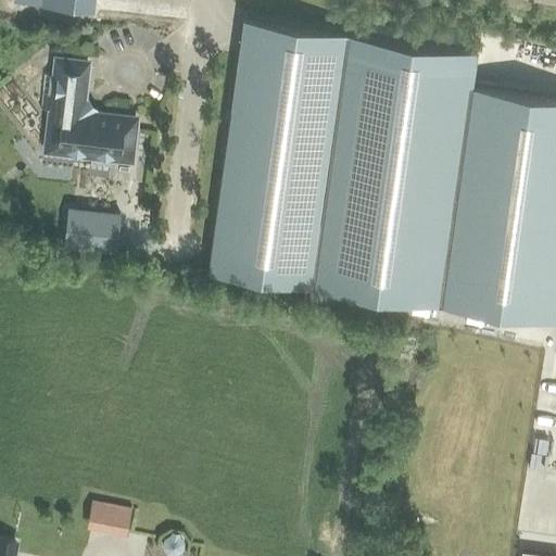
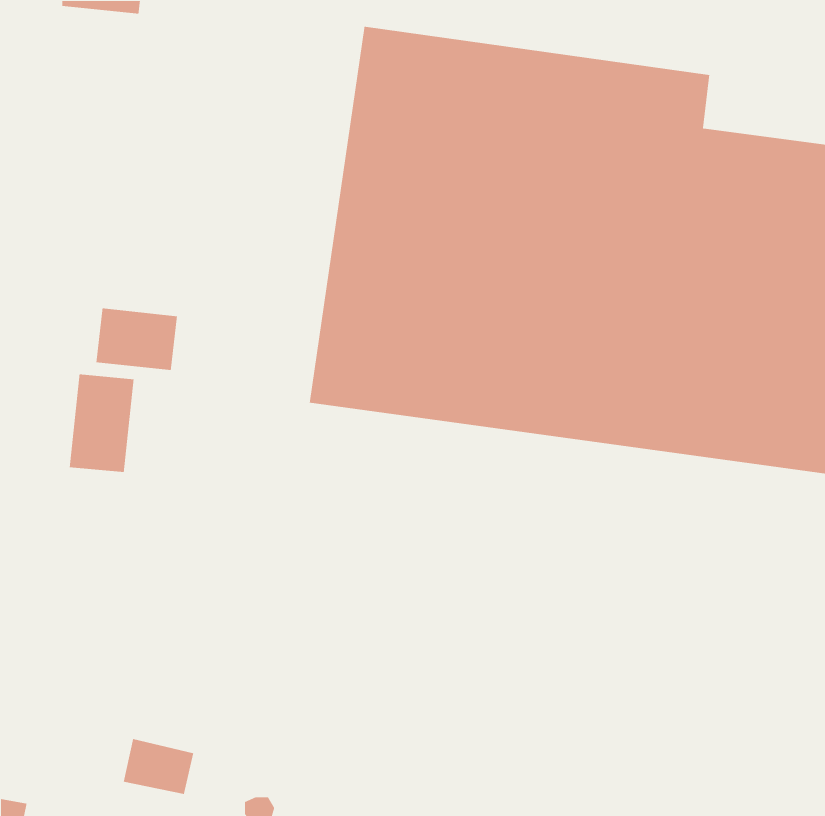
building: [40,66,137,176] -> none
building: none -> [69,374,135,473]

